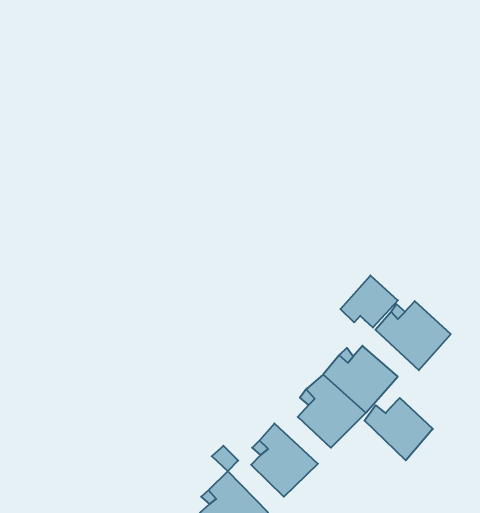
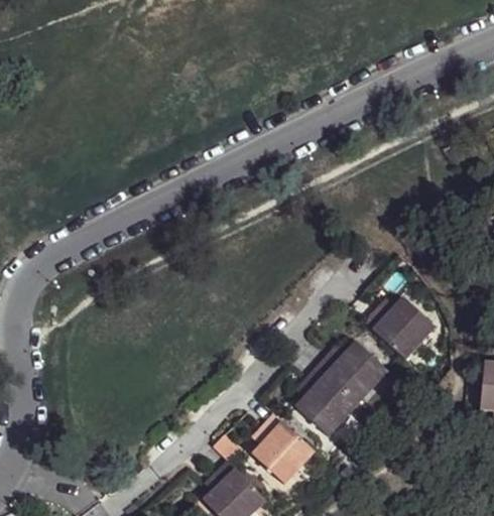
building: [340,275,398,328] -> none
building: [364,398,433,460] -> none

